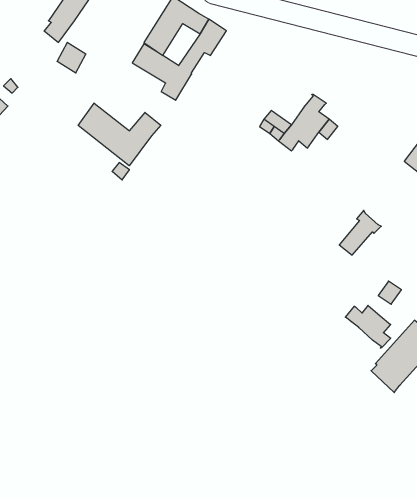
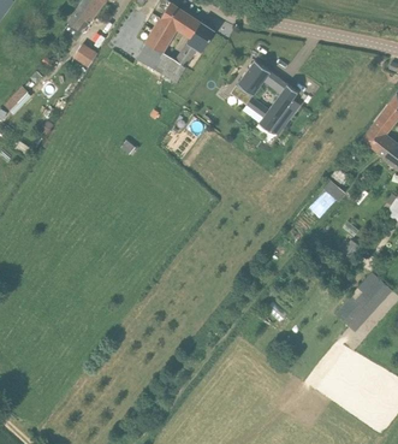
building: none -> [238,60,280,95]
building: [78,103,161,166] -> none
building: [345,305,391,348] -> none

